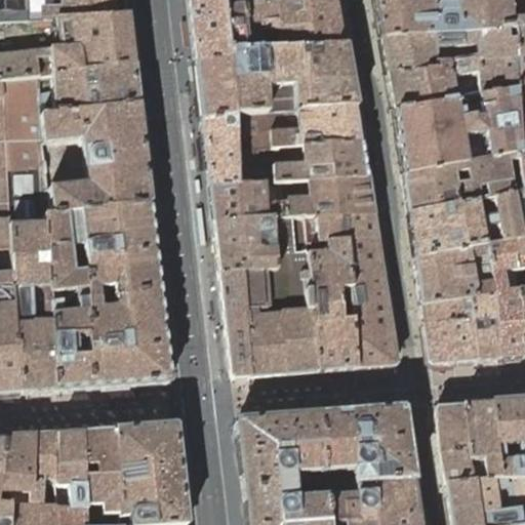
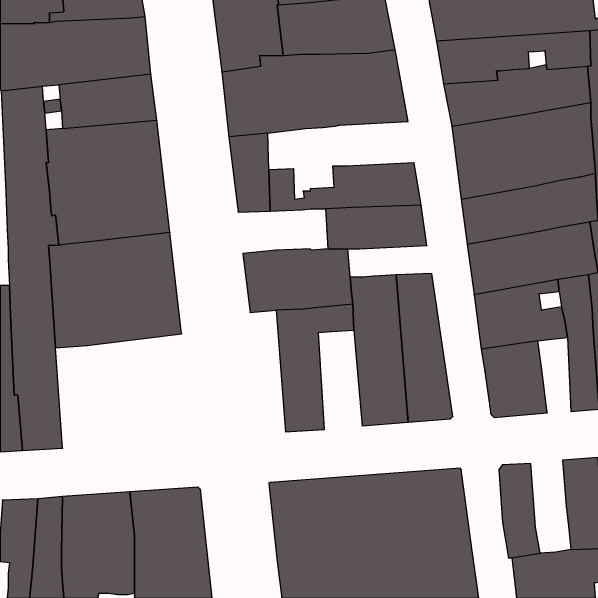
building: [237,106,364,148] -> none
building: [211,181,289,220] -> none
building: [307,213,379,241] -> none
building: [221,270,252,377] -> none
building: [281,287,319,373] -> none
building: [52,290,172,390] -> none
building: [472,293,500,359] -> none
building: [466,400,500,481] -> none

